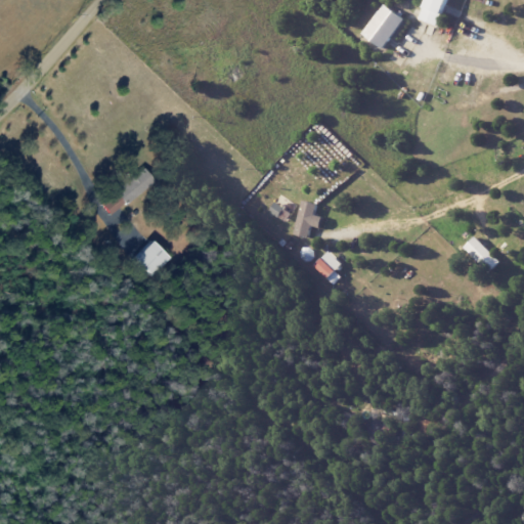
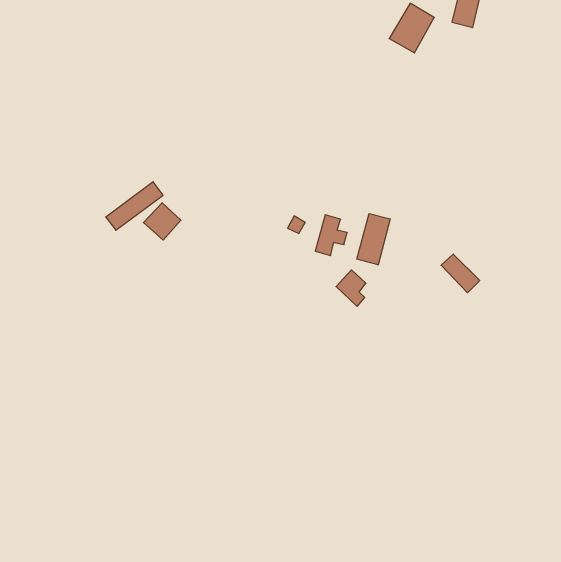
building: none -> [357,214,390,265]
building: [464,236,499,272] -> [441,254,480,293]
building: [132,241,167,275] -> [143,203,181,240]

